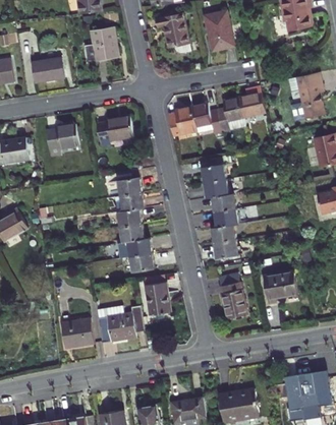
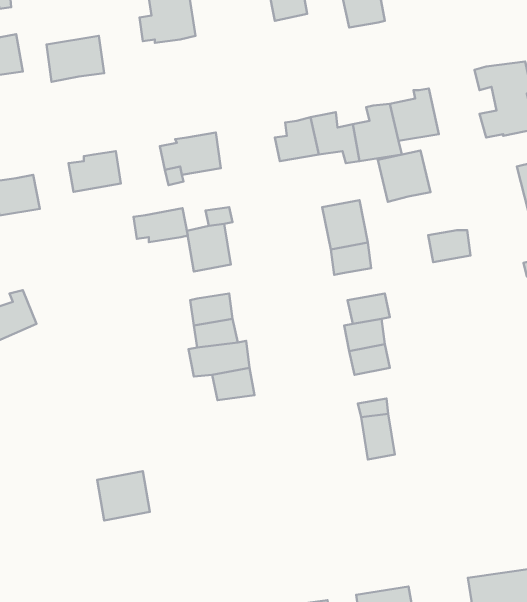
building: none -> [378,150,431,202]
building: [112,194,145,215] -> [134,208,188,242]
building: [209,196,234,216] -> [428,230,470,262]
building: [263,272,298,310] -> none
building: [145,276,171,317] -> none
building: [95,301,143,342] -> none

